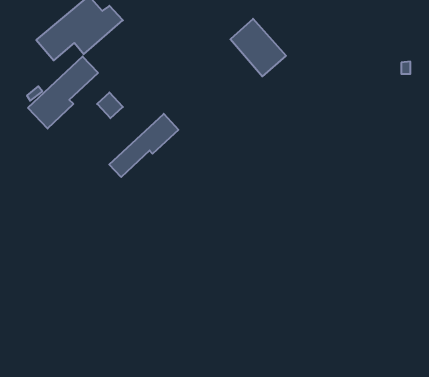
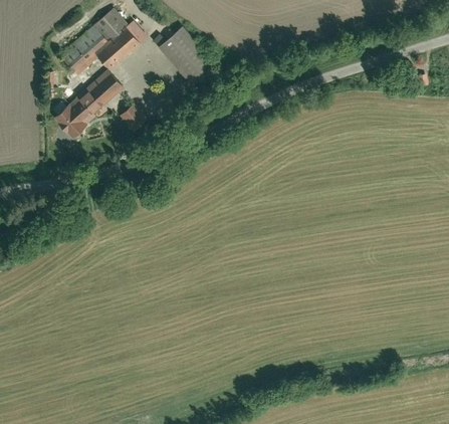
building: [230,19,286,76] -> [161,29,215,85]
building: [109,114,178,177] -> none

